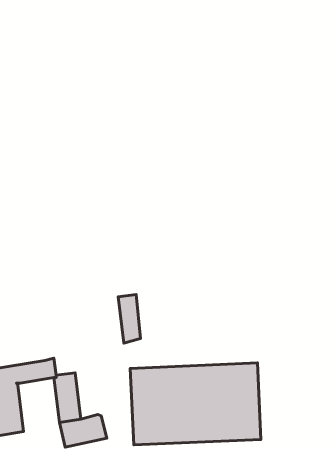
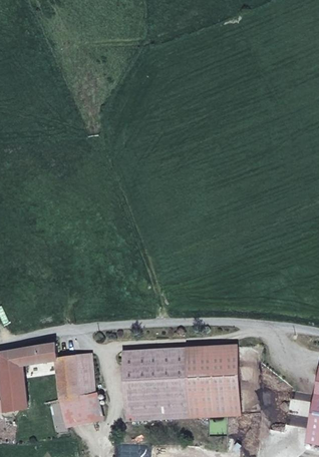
building: [118,295,141,343] -> [73,353,93,396]

